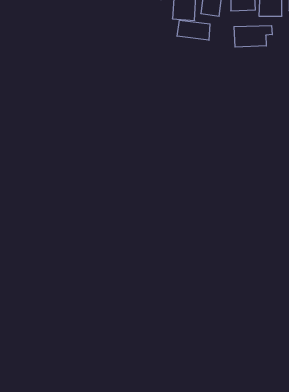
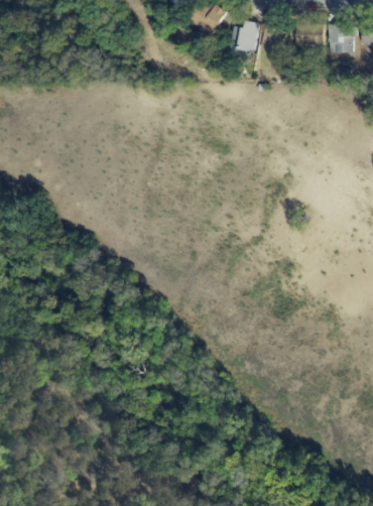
building: [177,20,210,40] -> none
building: [234,26,272,47] -> none

